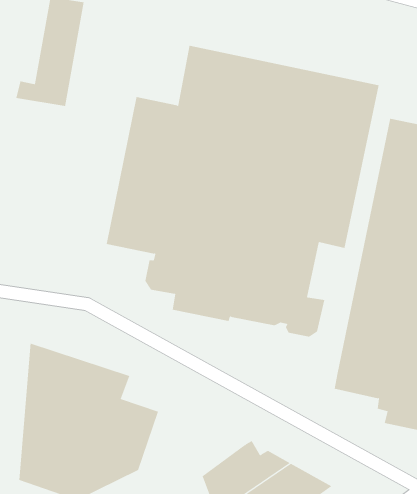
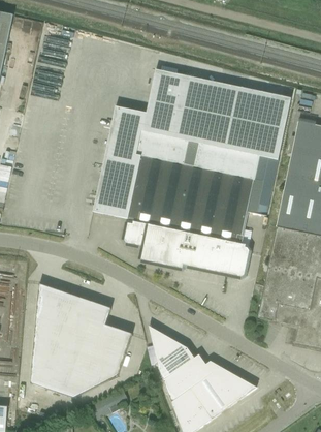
building: none -> [149,326,194,379]

